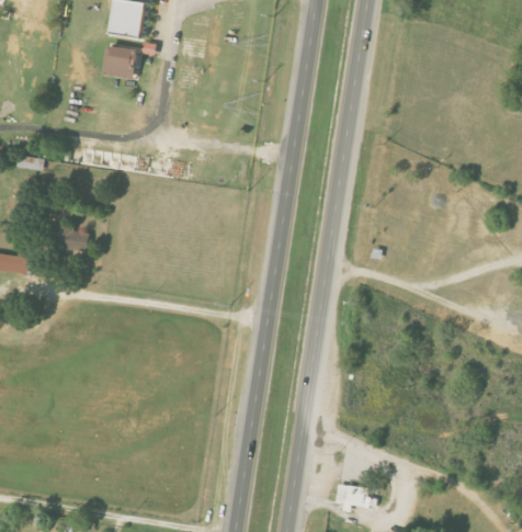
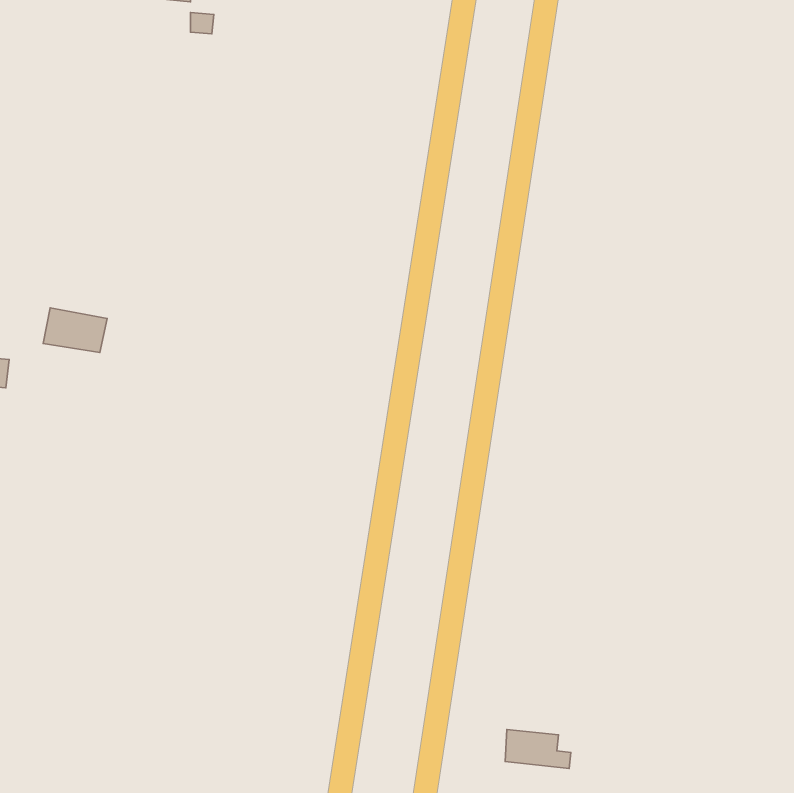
building: [103,46,134,78] -> none

